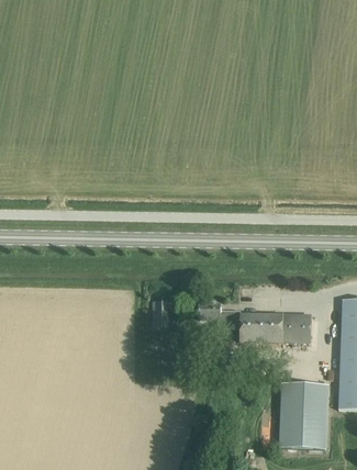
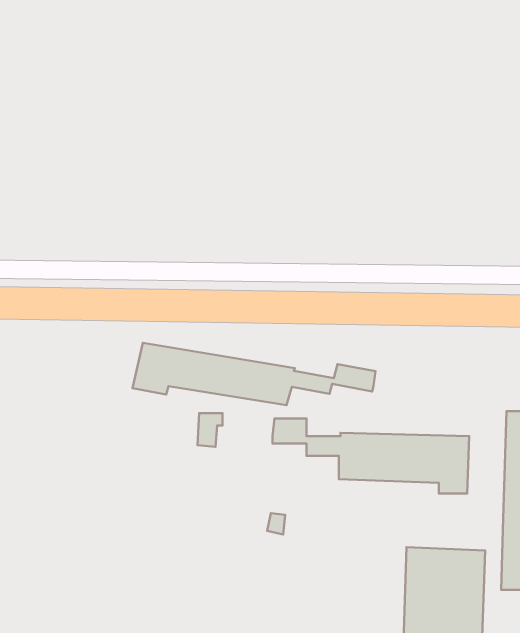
building: none -> [132,343,375,405]

